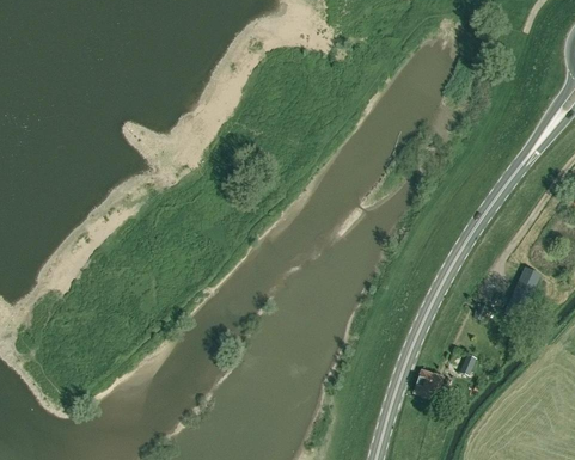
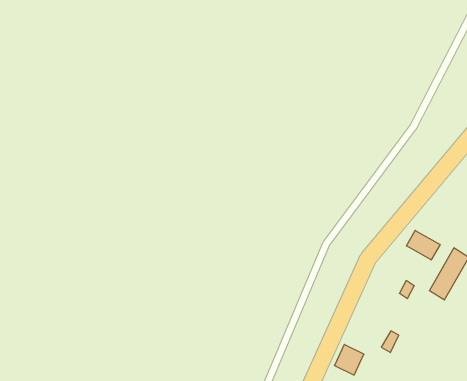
building: none -> [406,230,440,260]

